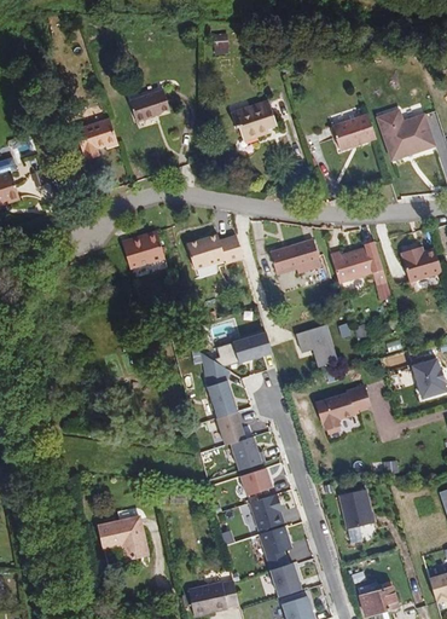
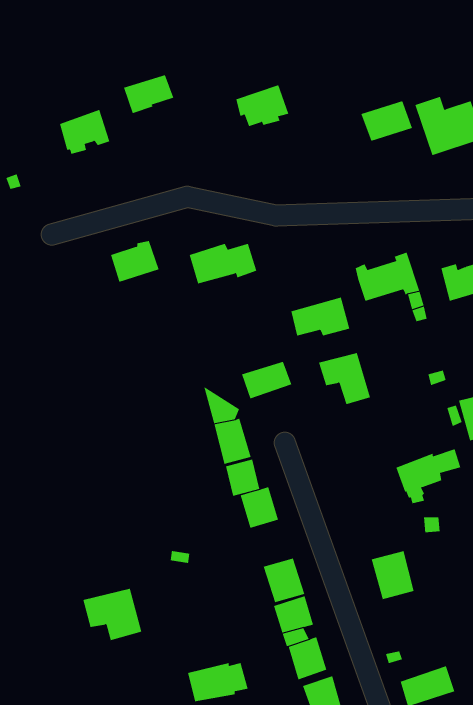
building: [267,239,317,272] -> [291,297,350,336]
building: [312,387,366,433] -> [396,448,461,504]
building: [243,468,274,497] -> none

